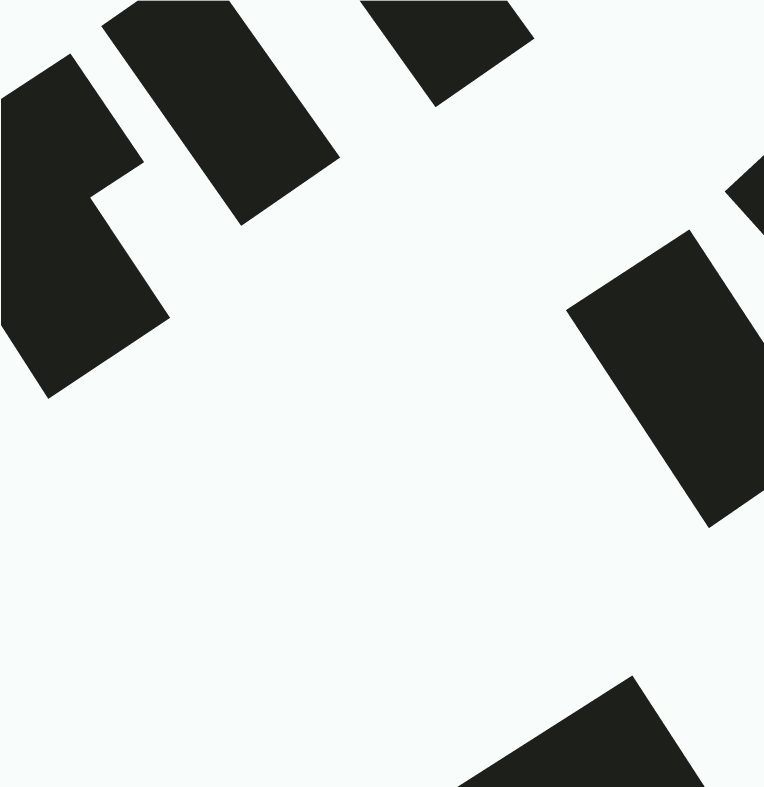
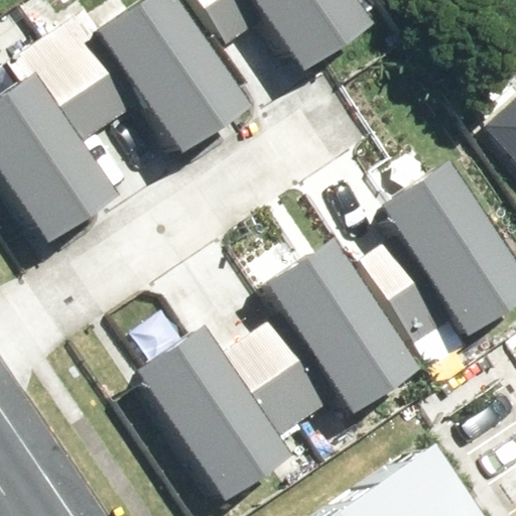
building: none -> [251,221,426,417]
building: none -> [128,311,304,508]

